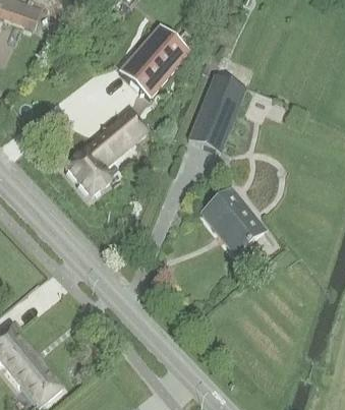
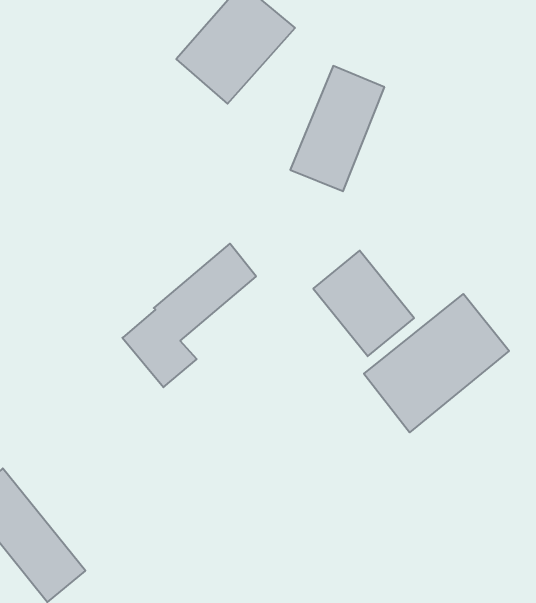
building: [65,109,148,197] -> [122,244,256,387]
building: none -> [364,294,509,432]

